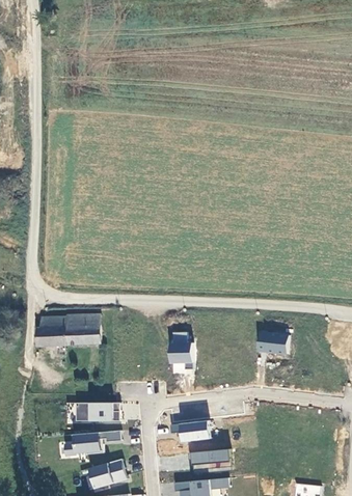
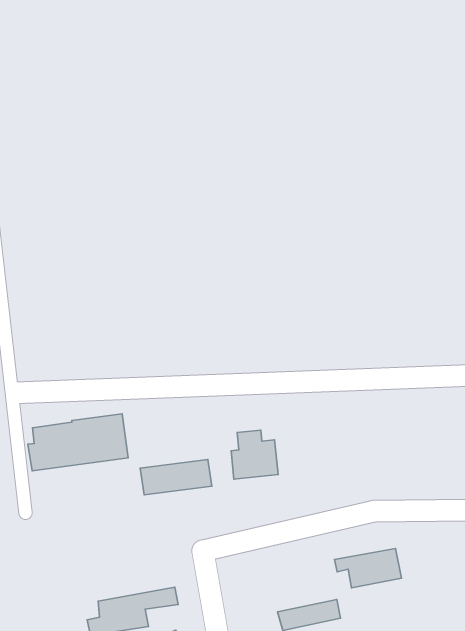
building: [255,330,290,354] -> none
building: [75,402,120,420] -> [140,460,212,495]
building: [169,420,212,443] -> [334,548,402,588]

